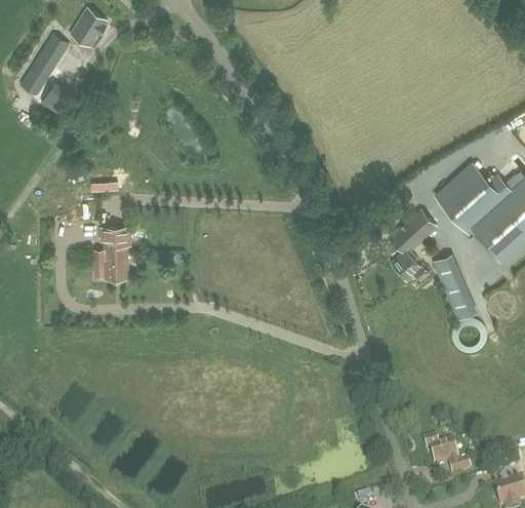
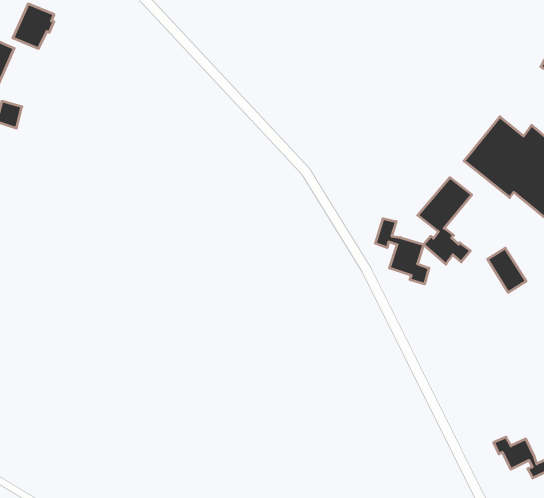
building: [94,228,131,280] -> none
building: none -> [375,219,429,284]
building: [434,256,459,283] -> none

